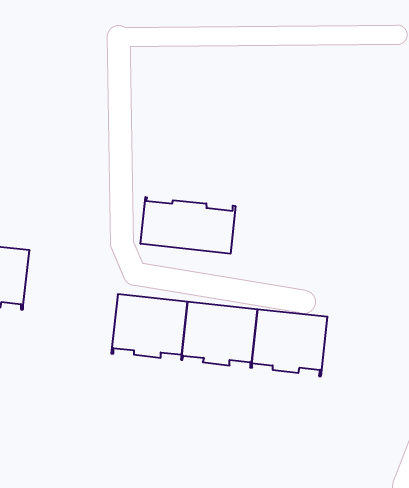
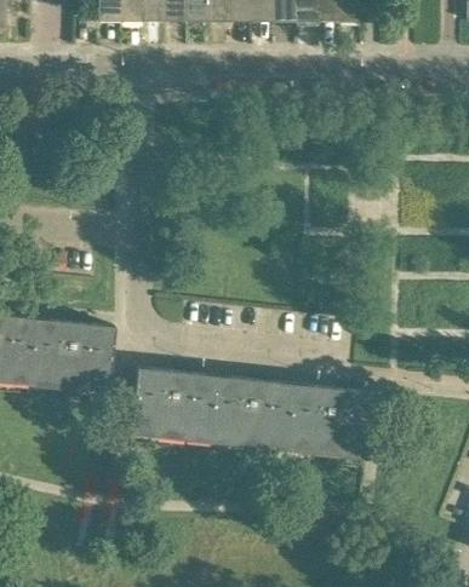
building: [141,197,235,254] -> none
building: none -> [29,317,114,393]

